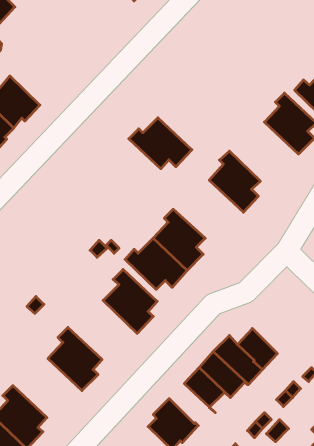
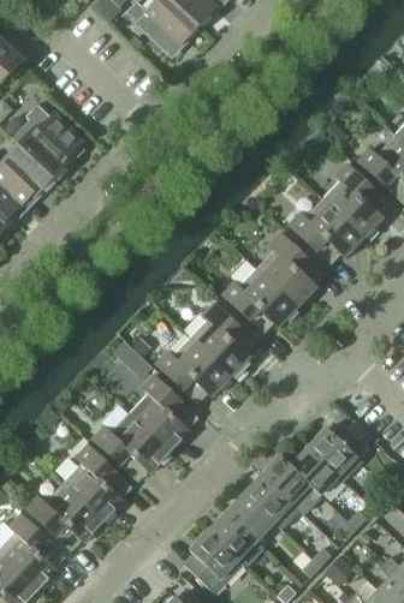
building: none -> [12,103,81,178]
building: [129,118,192,169] -> [222,268,298,329]
building: none -> [290,198,364,259]
building: none -> [94,412,171,477]
building: none -> [309,420,370,480]
building: none -> [26,482,105,547]
building: none -> [209,512,265,566]

